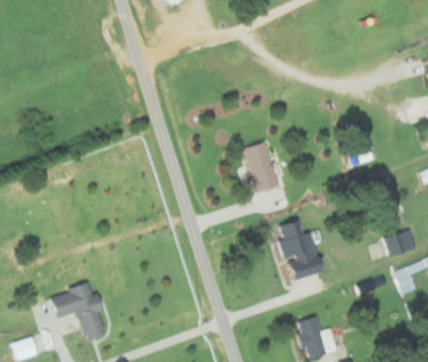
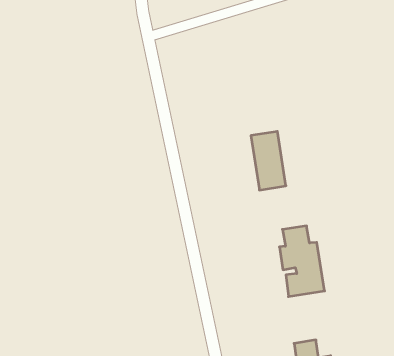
building: [49,283,106,340] -> none

